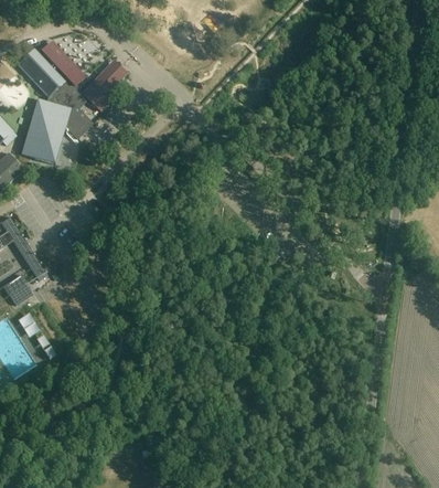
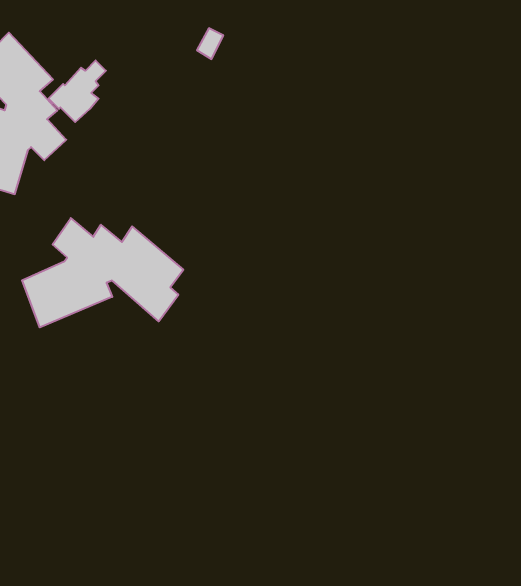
building: none -> [22,218,183,327]

